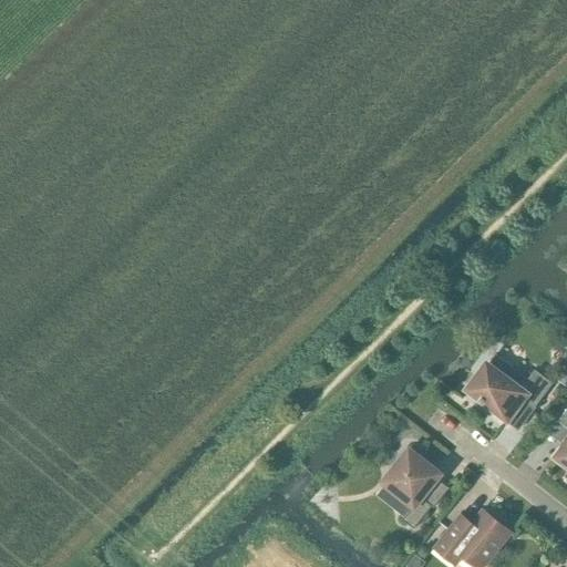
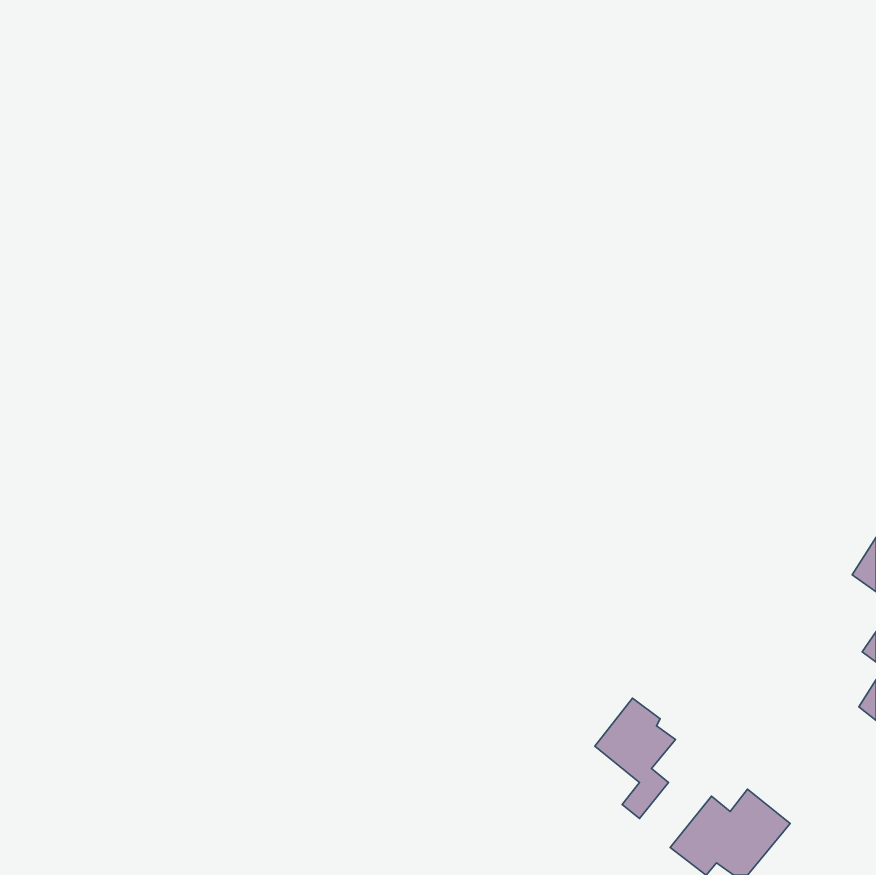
building: [468,364,553,420] -> none

